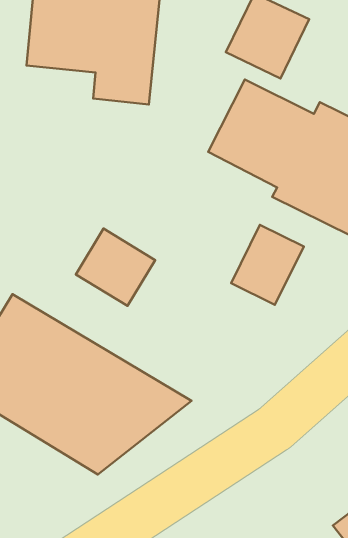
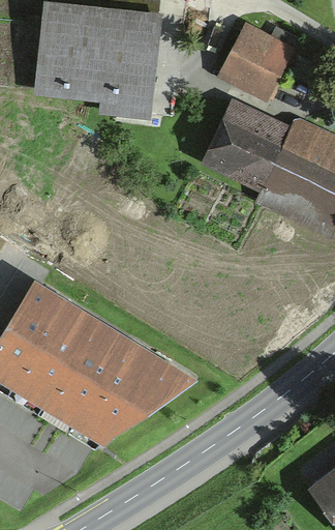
building: [231,225,304,305] -> none
building: [76,229,155,306] -> none

